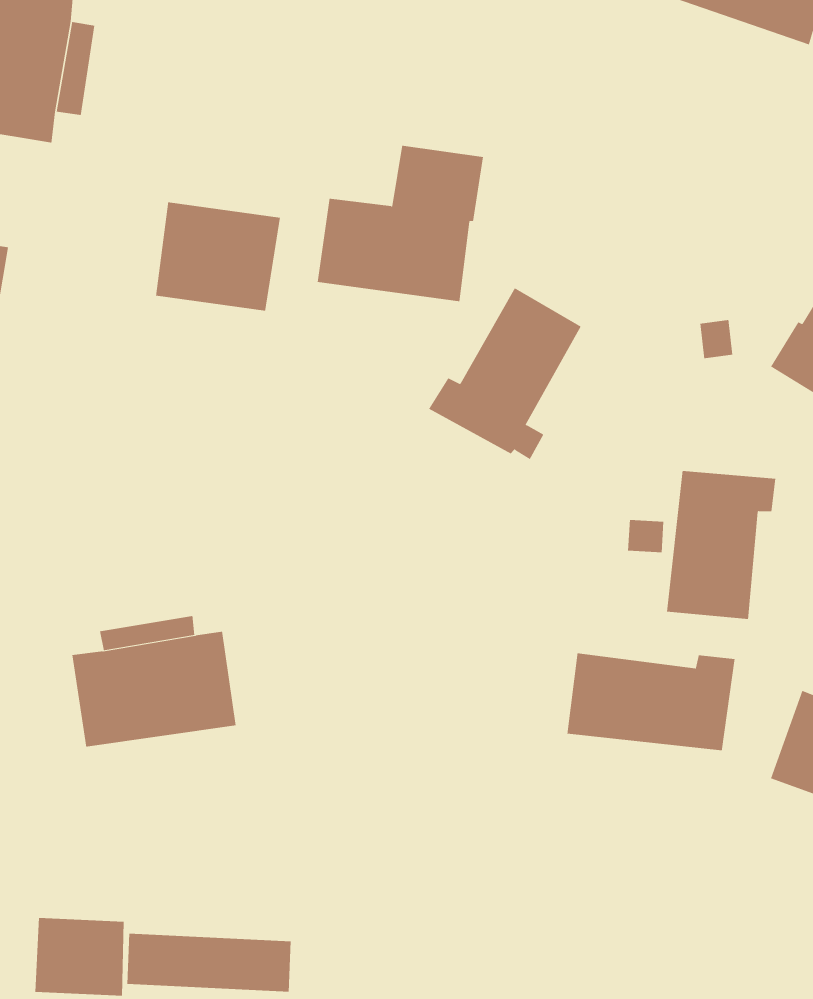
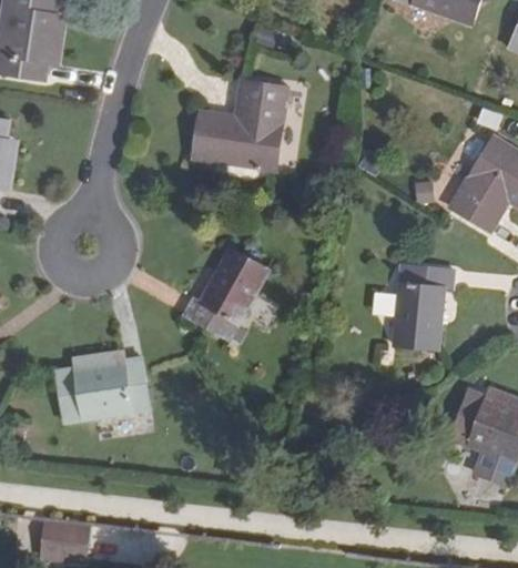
building: [156,201,280,311] -> none
building: [428,287,581,460] -> [182,247,268,345]
building: [567,653,735,751] -> none

